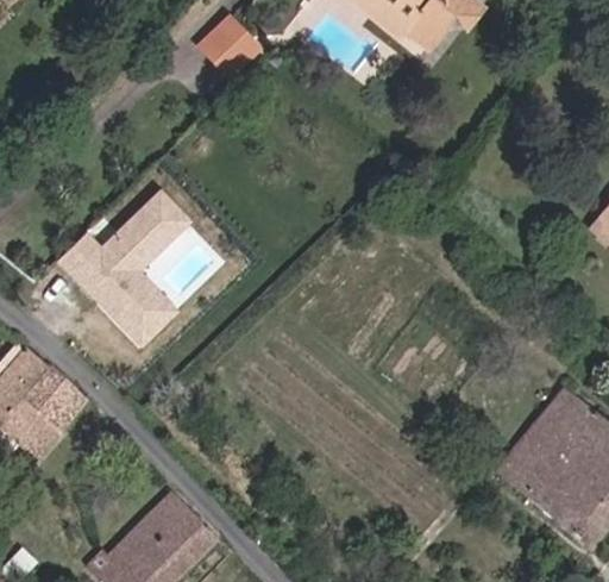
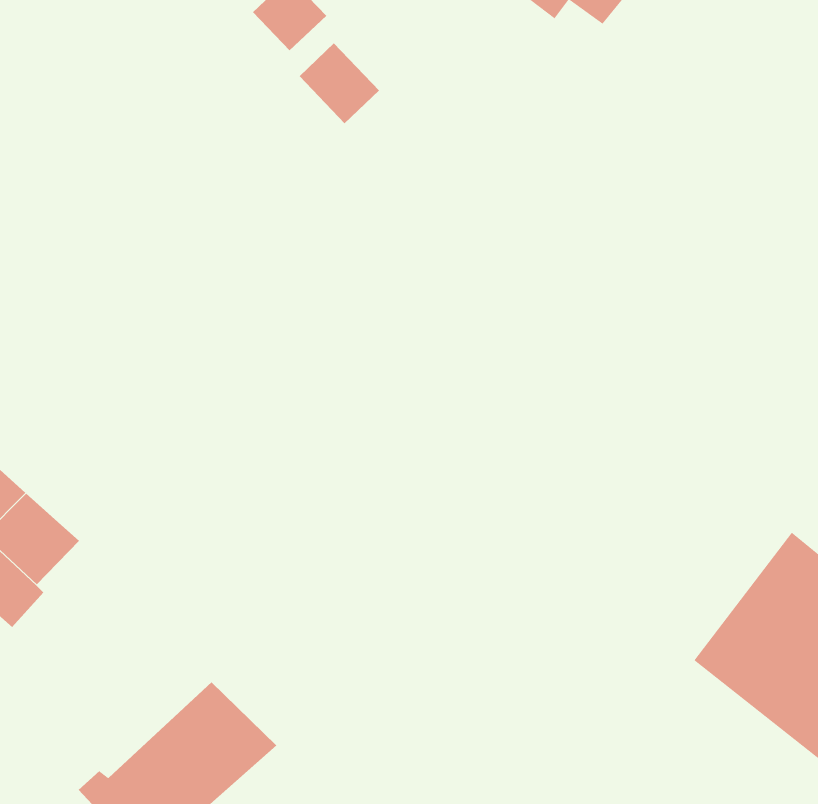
building: none -> [299,42,380,124]
building: [57,189,190,346] -> none

